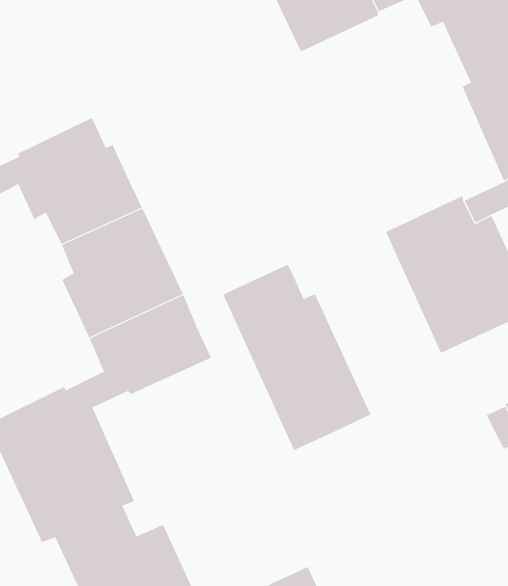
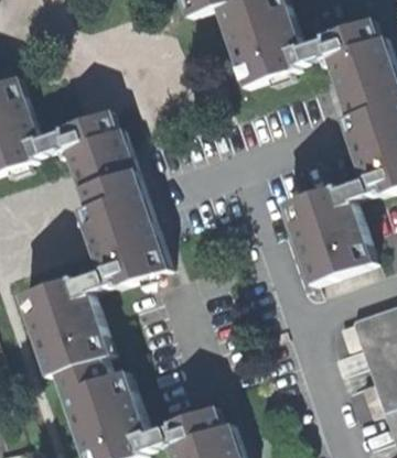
building: [223,264,371,451] -> none

